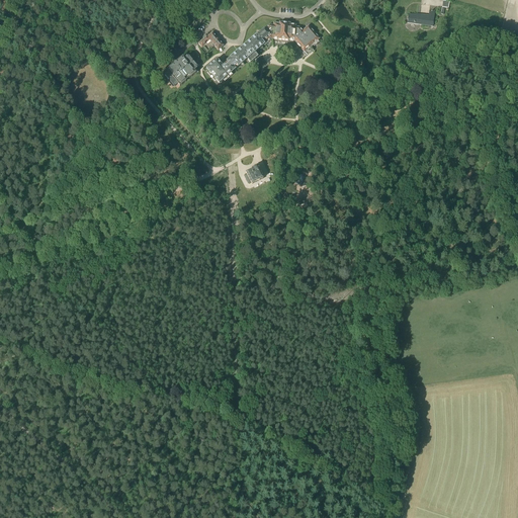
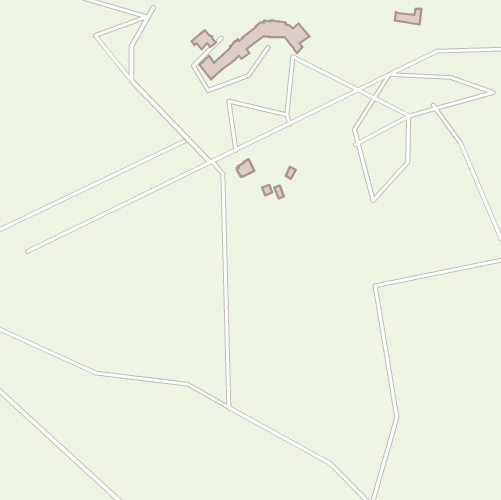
building: [165,51,202,85] -> none

